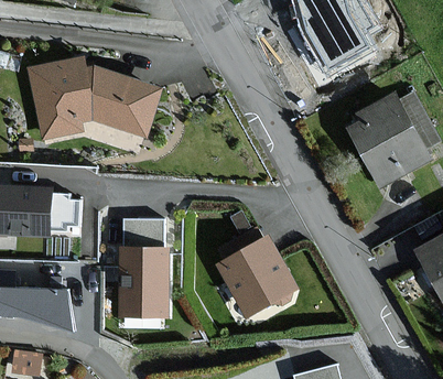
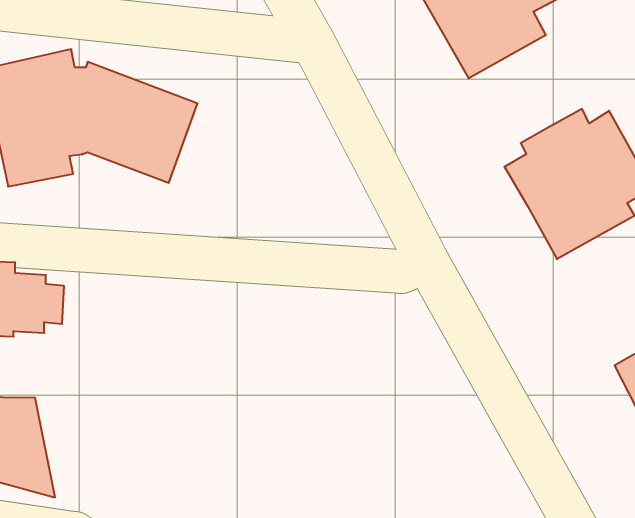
building: [122,212,162,237] -> none
building: [217,237,295,315] -> none
building: [119,247,168,315] -> none

